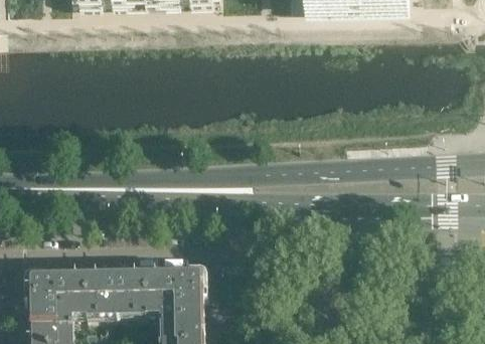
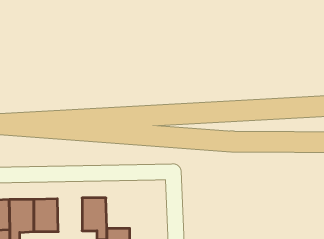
building: [175,267,204,305] -> none
building: [116,268,146,309] -> none

